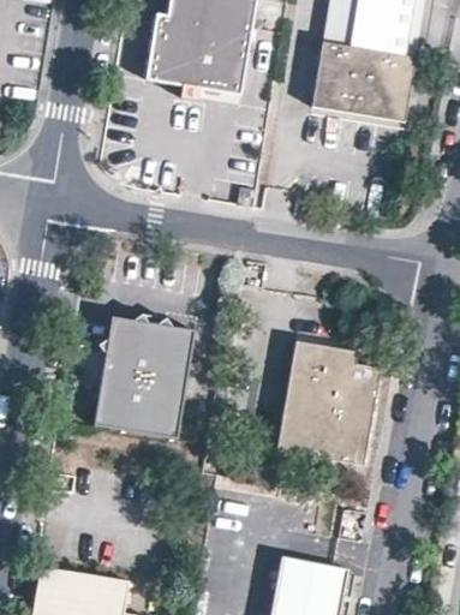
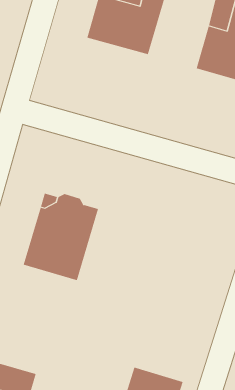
building: [276,341,381,466] -> none

